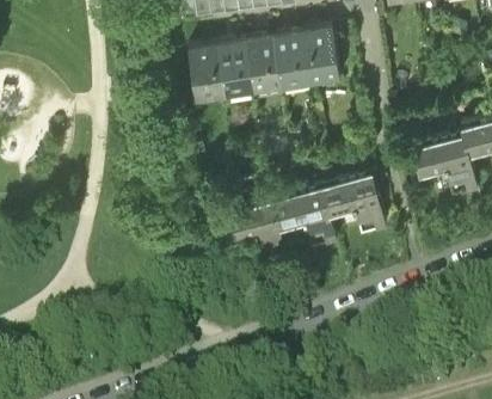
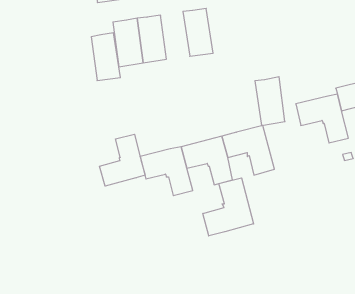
building: [303,26,340,86] -> [255,77,285,126]
building: [247,35,283,93] -> [91,33,120,81]
building: none -> [100,134,145,186]
building: none -> [203,178,254,236]

